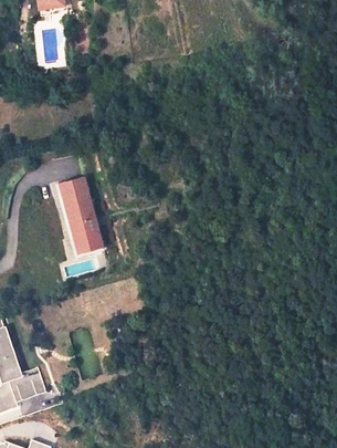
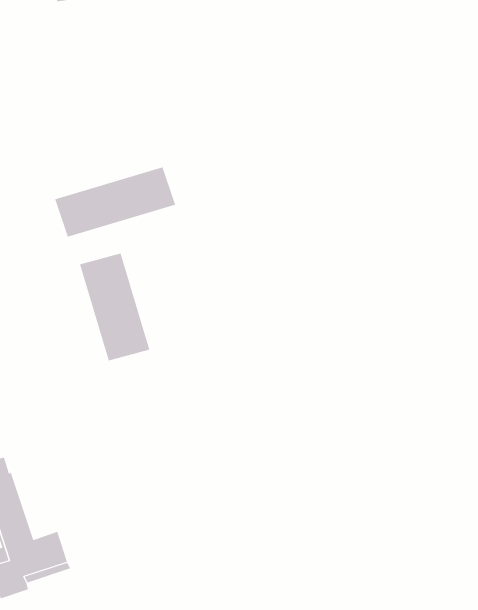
building: none -> [54,166,176,238]

